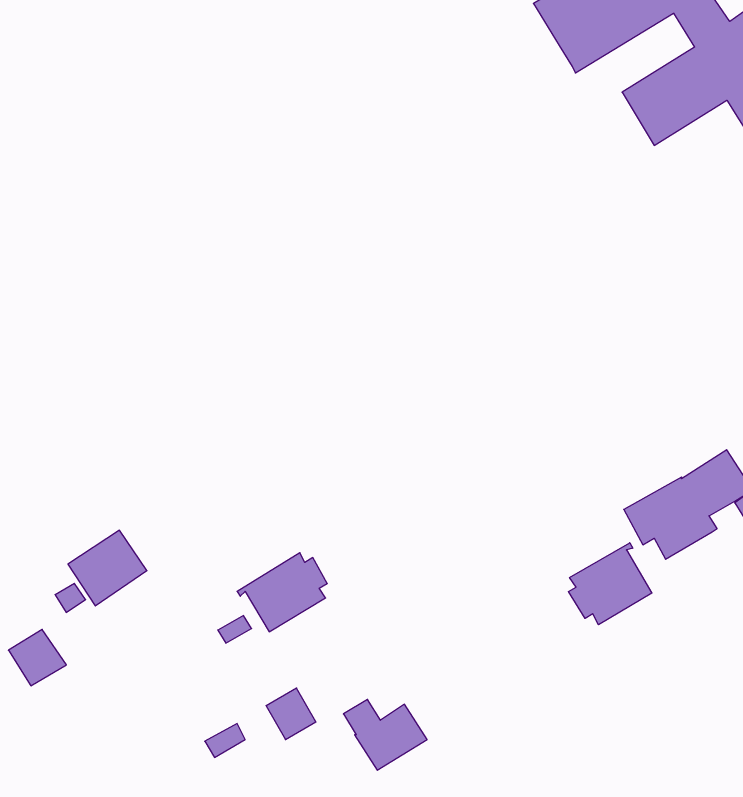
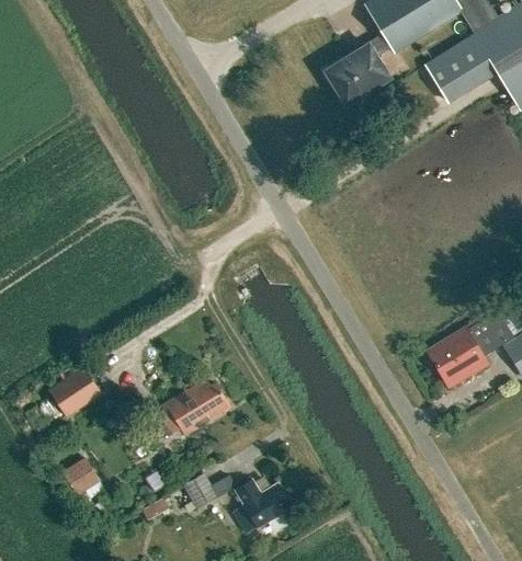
building: none -> [326,34,392,104]
building: [568,543,652,625] -> none
building: [8,629,66,686] -> [61,456,101,494]

